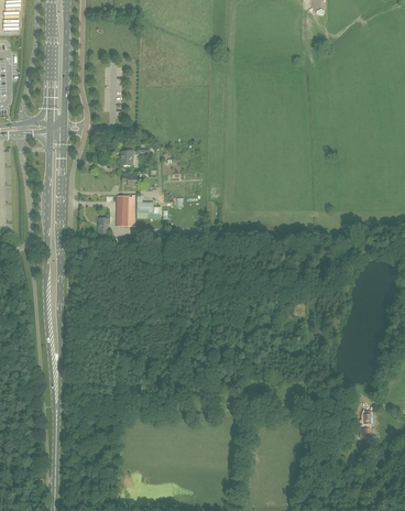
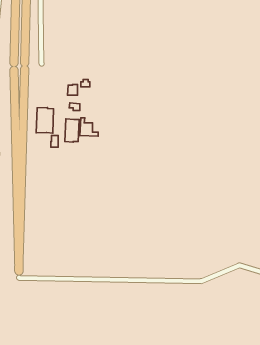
building: none -> [36,108,54,133]

